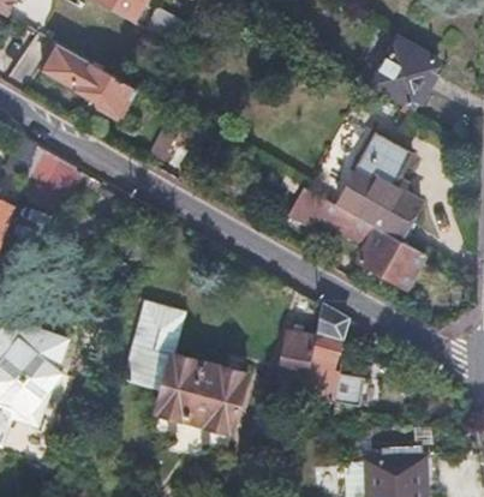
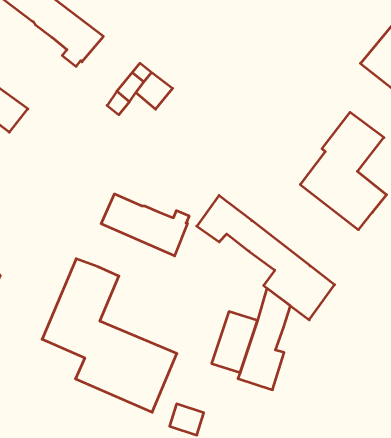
building: [289,185,425,289] -> [197,195,335,320]
building: none -> [101,194,189,256]

